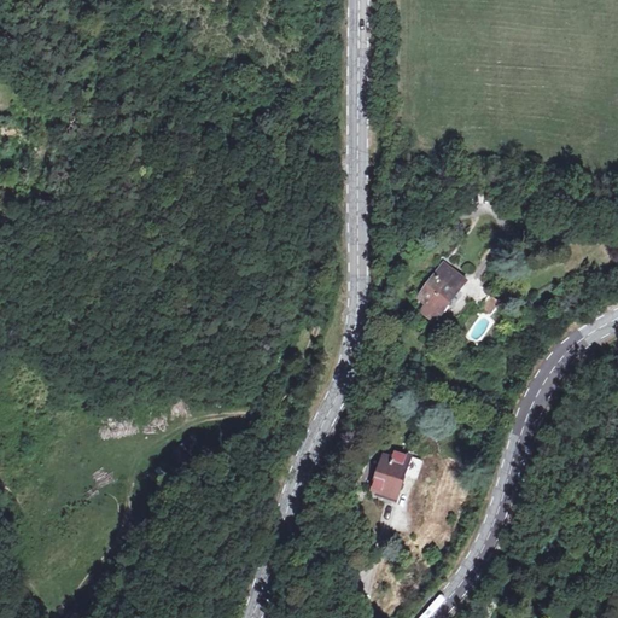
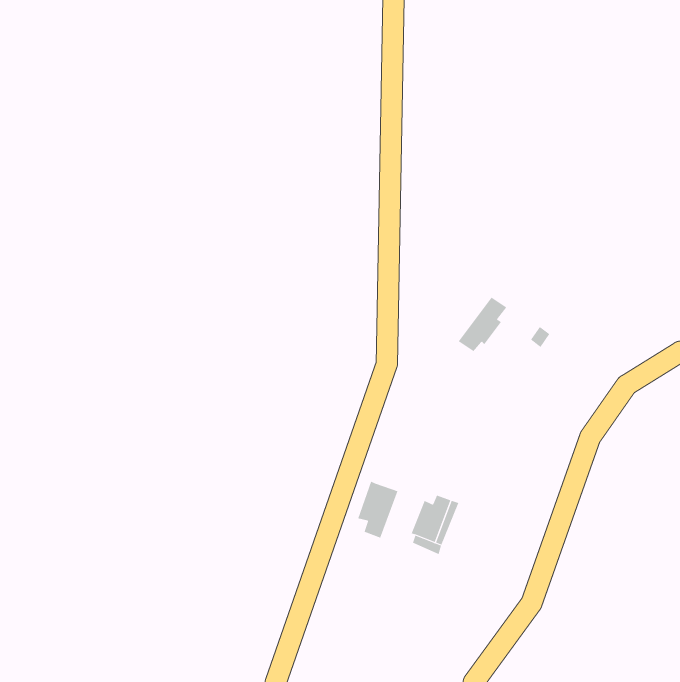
building: none -> [358,481,398,538]

